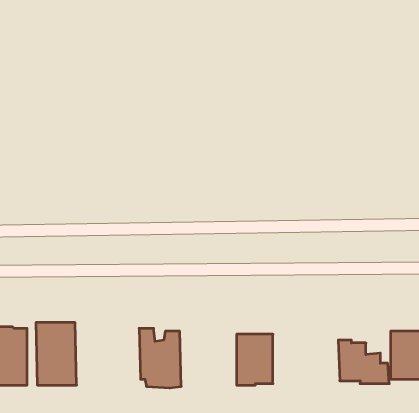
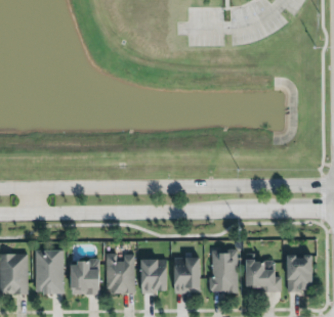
building: none -> [208,250,237,292]
building: none -> [69,260,99,295]
building: none -> [143,261,169,295]

